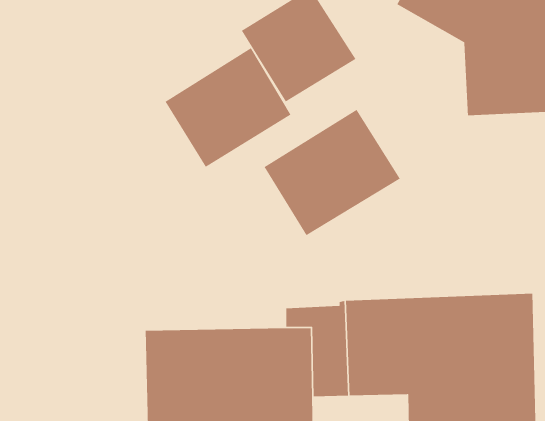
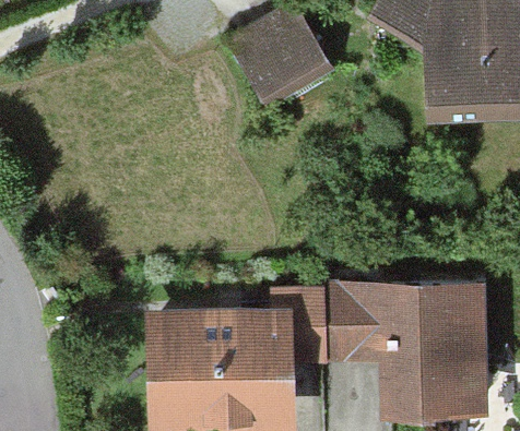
building: [164,47,292,168] -> none
building: [263,109,401,236] -> none

